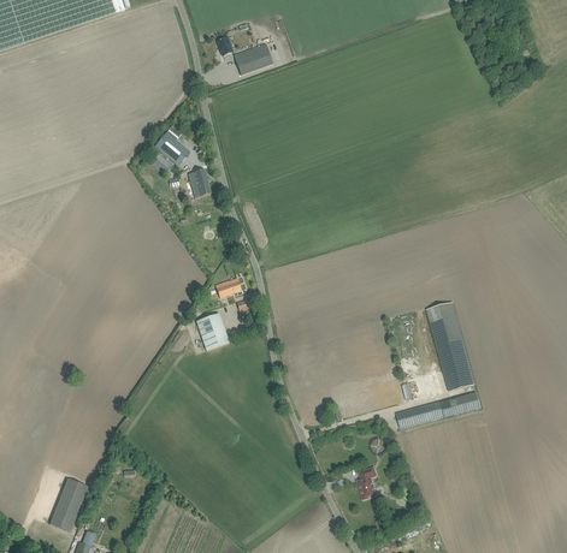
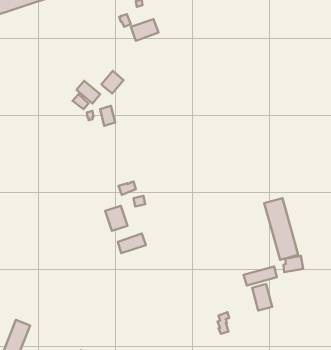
building: none -> [101,71,124,94]
building: none -> [118,234,146,253]
building: none -> [252,284,272,310]

